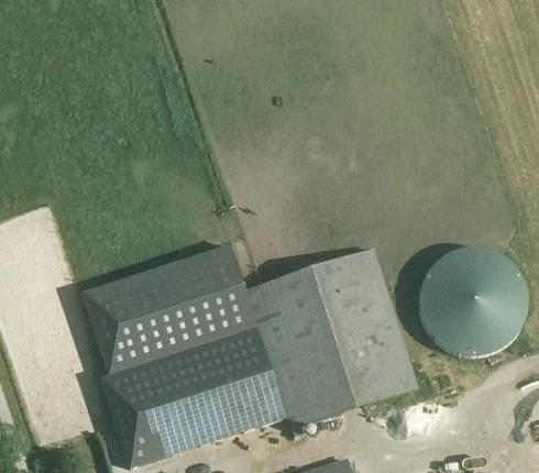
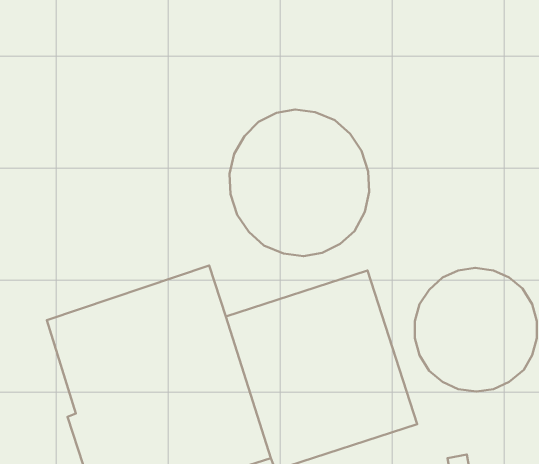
building: none -> [229,110,369,256]

